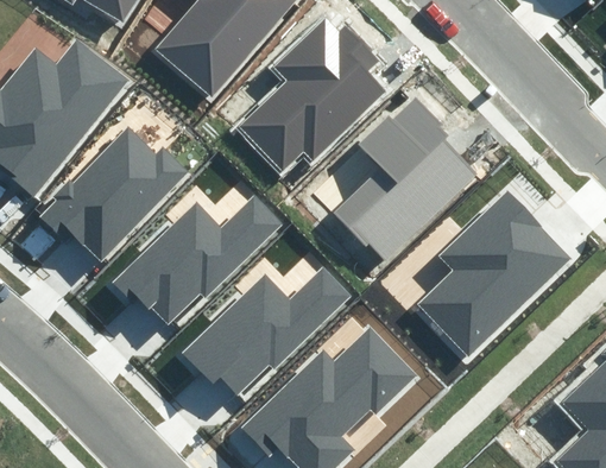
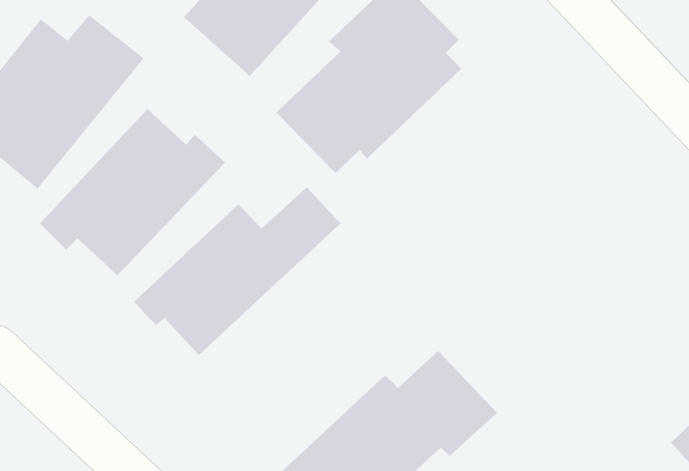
building: [334,99,479,266] -> none
building: [417,194,570,356] -> none
building: [178,264,352,405] -> none

